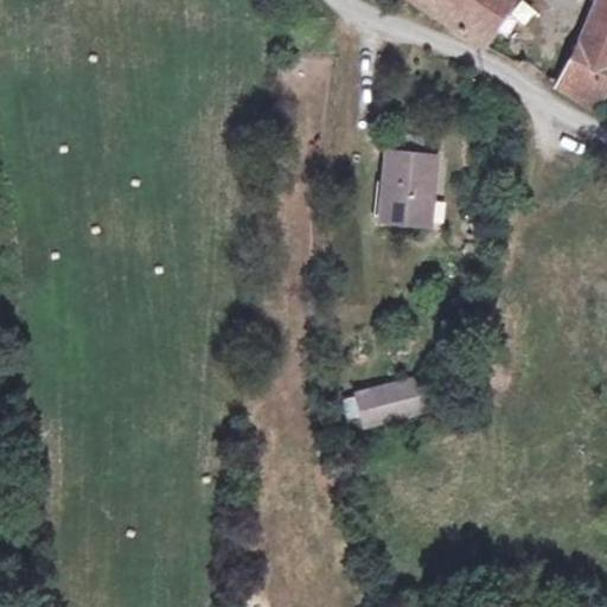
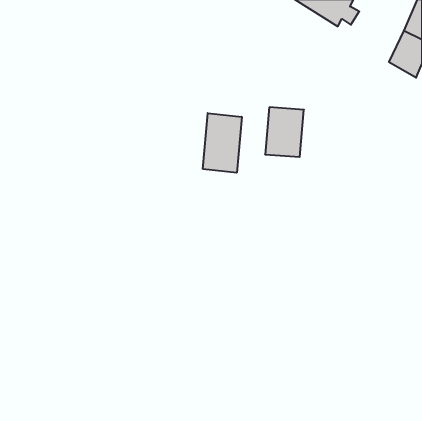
building: none -> [203,113,242,173]
building: [363,372,423,415] -> none

